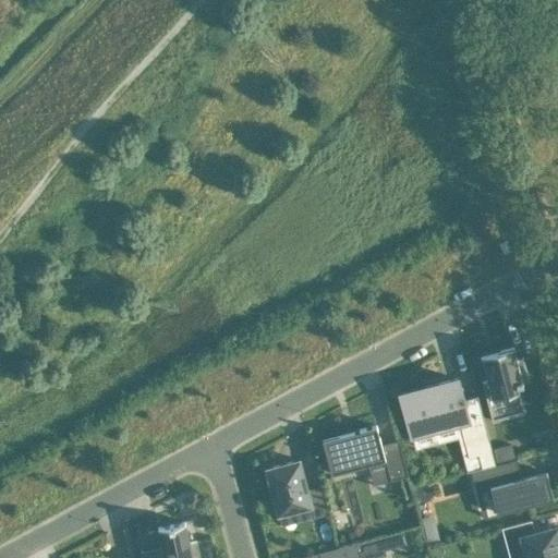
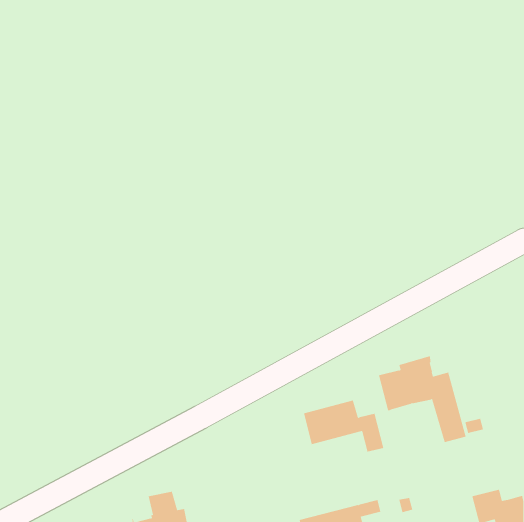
building: [481,350,529,423] -> none
building: [266,462,327,520] -> none
building: [476,469,551,515] -> none

